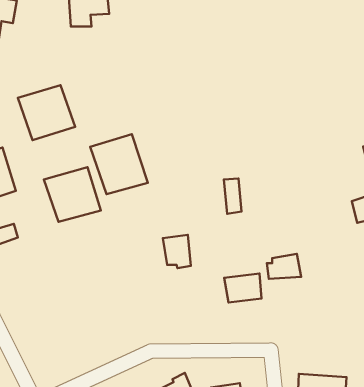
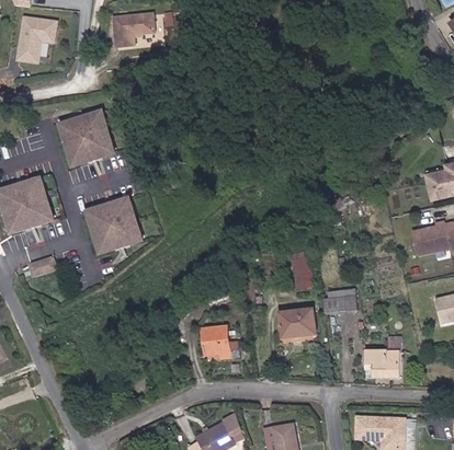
building: [90,134,148,194] -> none
building: [224,179,242,214] -> [292,251,310,288]
building: [163,235,191,268] -> [201,324,230,359]
building: none -> [365,334,401,377]

